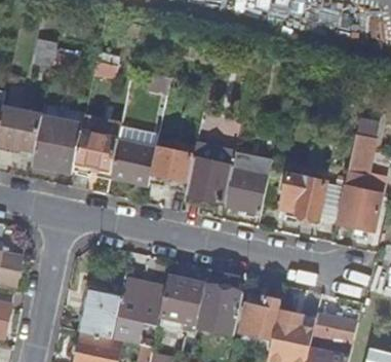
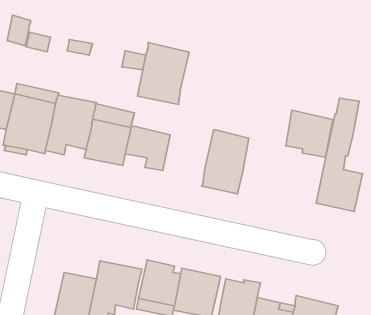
building: [185,143,235,204] -> [138,43,189,105]
building: [280,174,326,220] -> [286,110,333,157]

